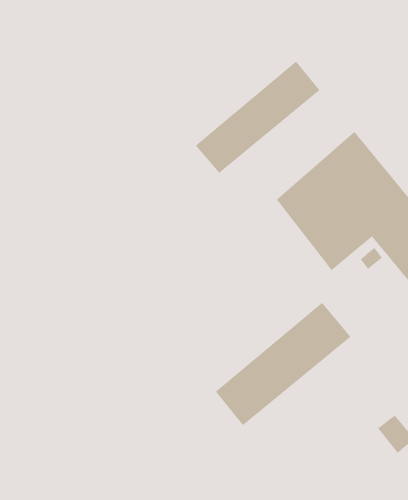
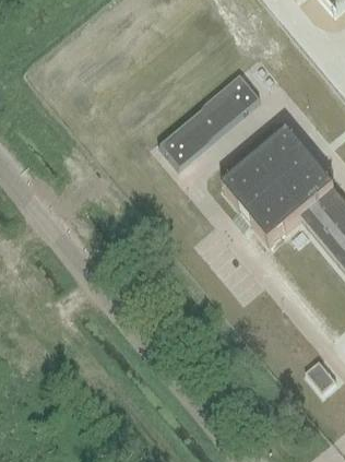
building: [215,302,352,426] -> none

